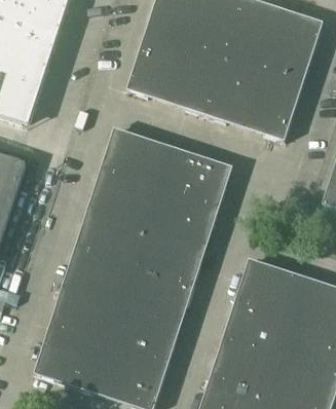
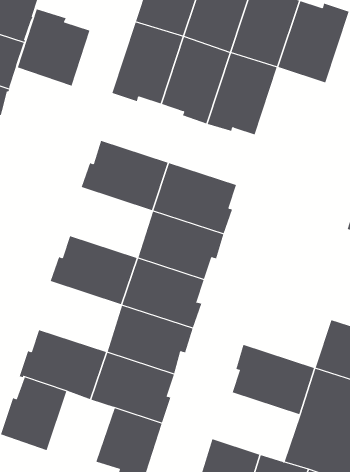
building: none -> [17,8,90,86]
building: [246,67,304,140] -> none
building: [91,166,160,225] -> none
building: [66,245,135,303] -> none
building: [235,258,308,317] -> none
building: [73,336,128,395] -> none
building: [210,337,283,395] -> none

